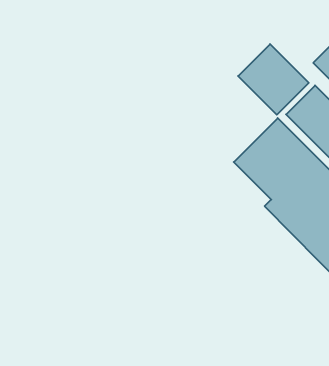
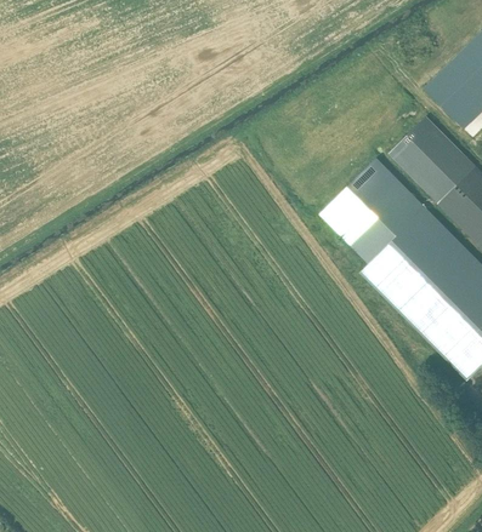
building: [238,44,309,115] -> none

